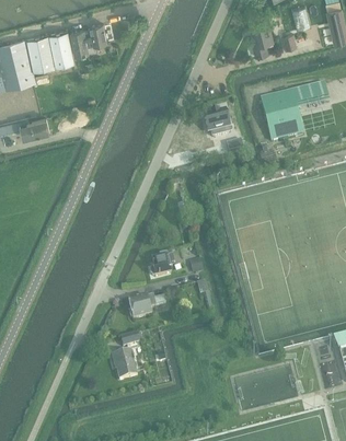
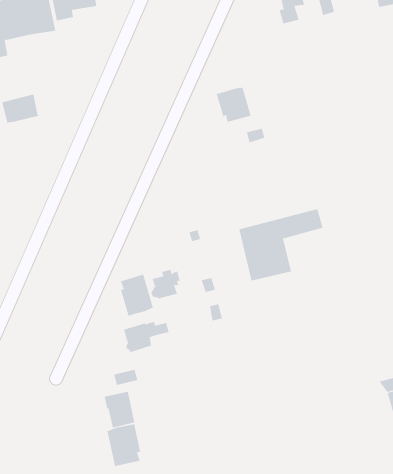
building: [260,81,327,139] -> [239,209,323,281]
building: none -> [120,274,153,316]
building: none -> [107,423,141,467]

